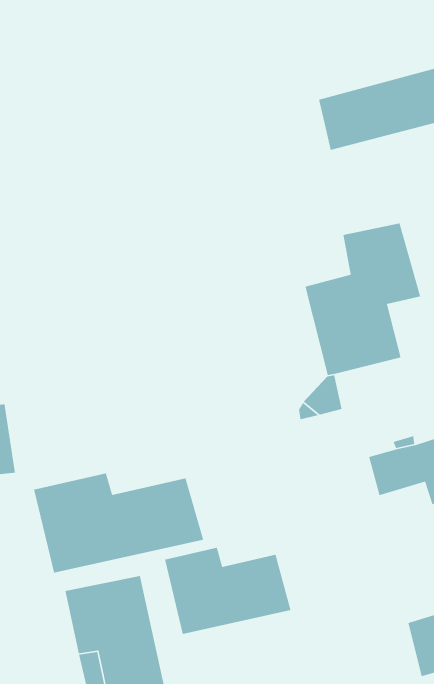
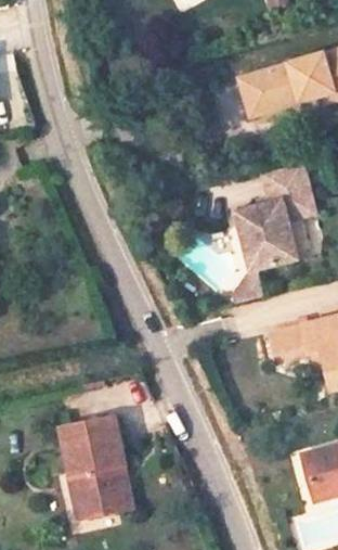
building: [33,473,204,573] -> none
building: [164,547,292,635] -> none

